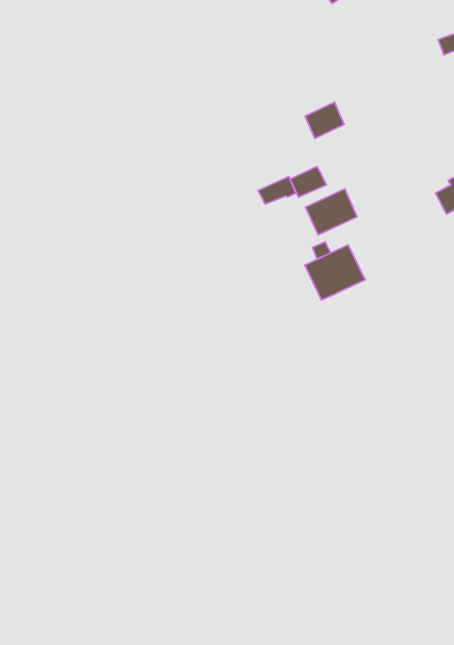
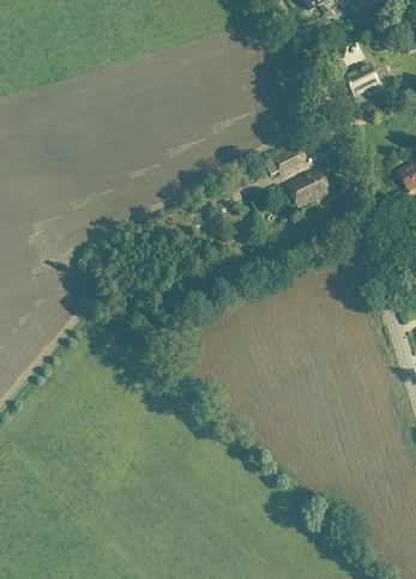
building: [305,102,344,138] -> [345,64,379,95]
building: [305,245,365,300] -> none

